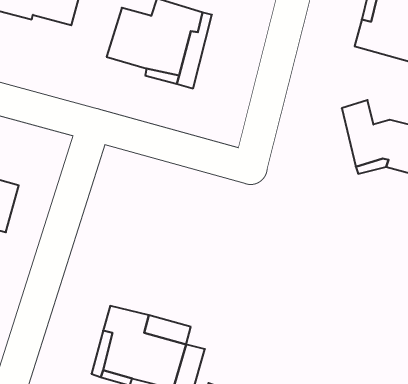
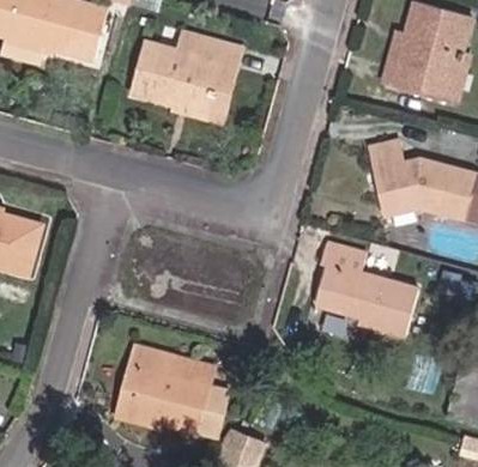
building: none -> [314,242,417,332]

